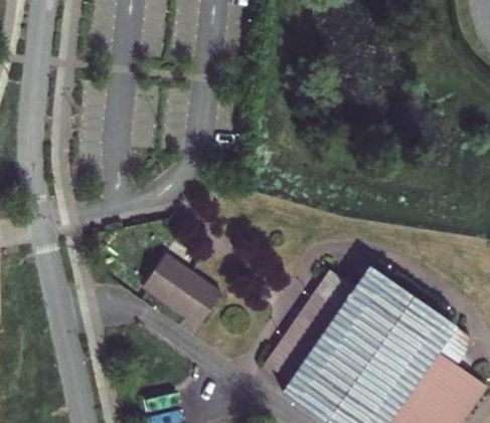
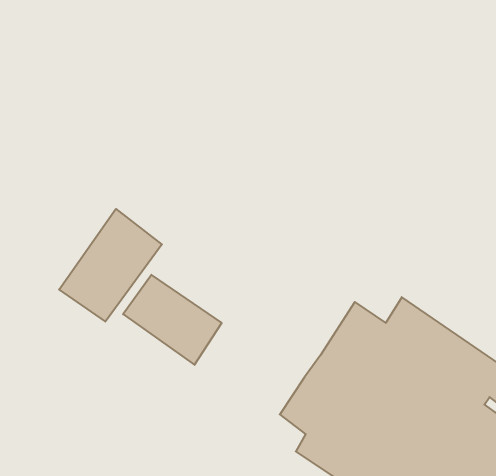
building: none -> [59,209,162,322]

